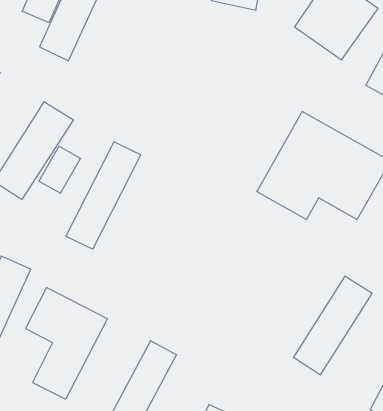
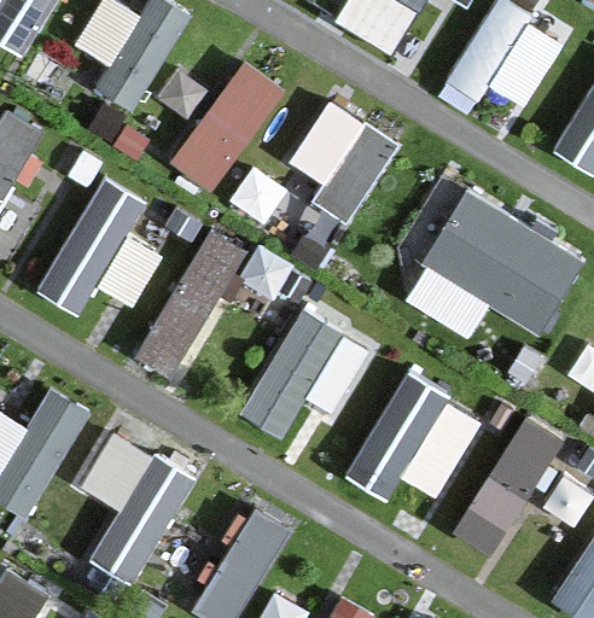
building: none -> [167,57,289,191]
building: none -> [293,99,397,223]
building: none -> [238,308,372,439]
building: none -> [353,369,483,507]

